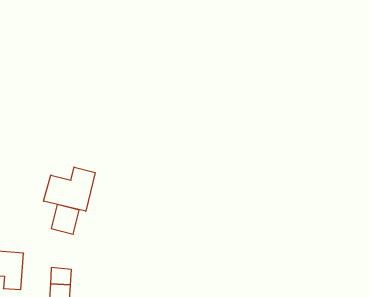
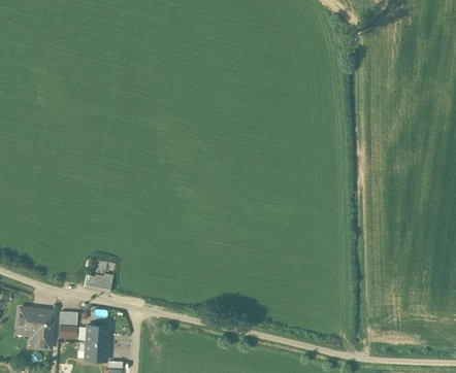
building: [43,167,95,211] -> none
building: none -> [56,312,74,340]

